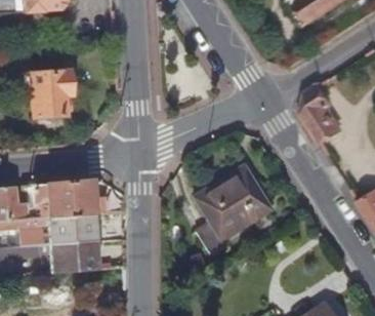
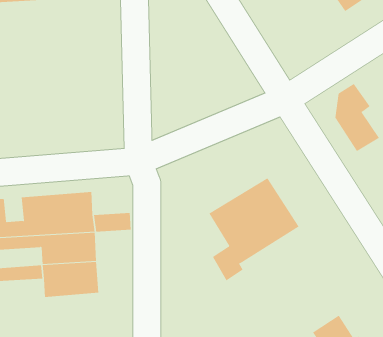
building: [30,58,71,119] -> none

